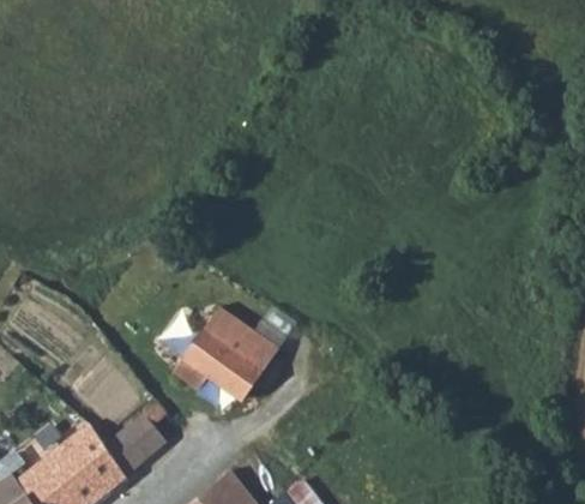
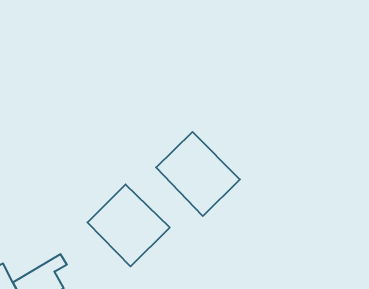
building: none -> [156,132,240,216]

